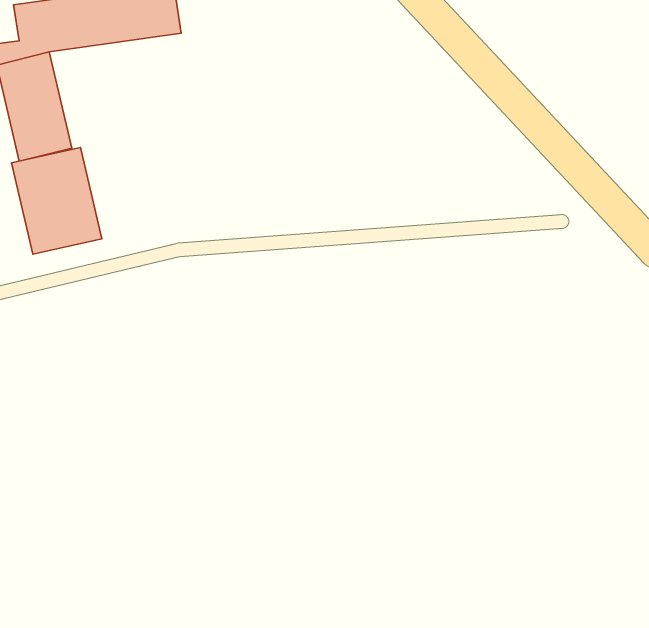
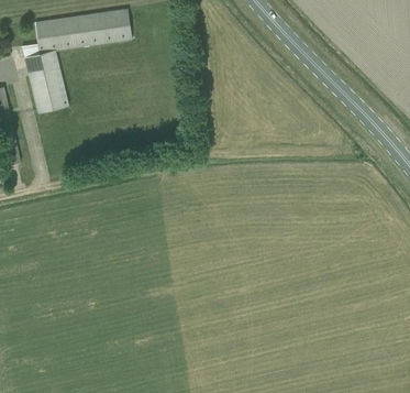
building: [11,147,102,254] -> none

